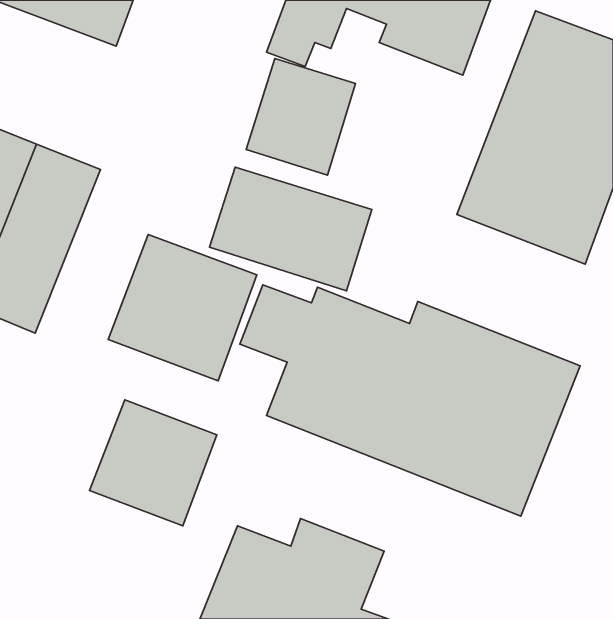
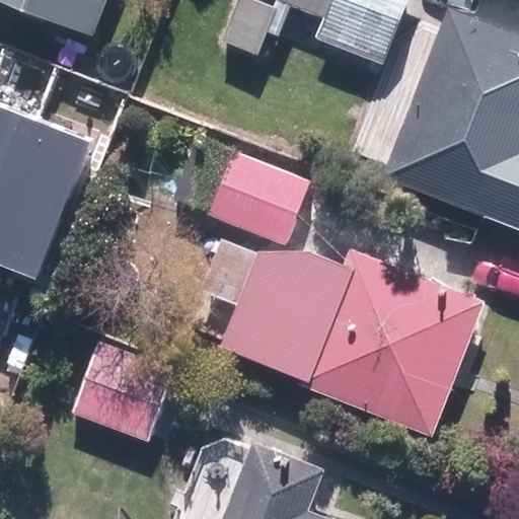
building: [246,59,356,175] -> none
building: [108,234,257,381] -> none

